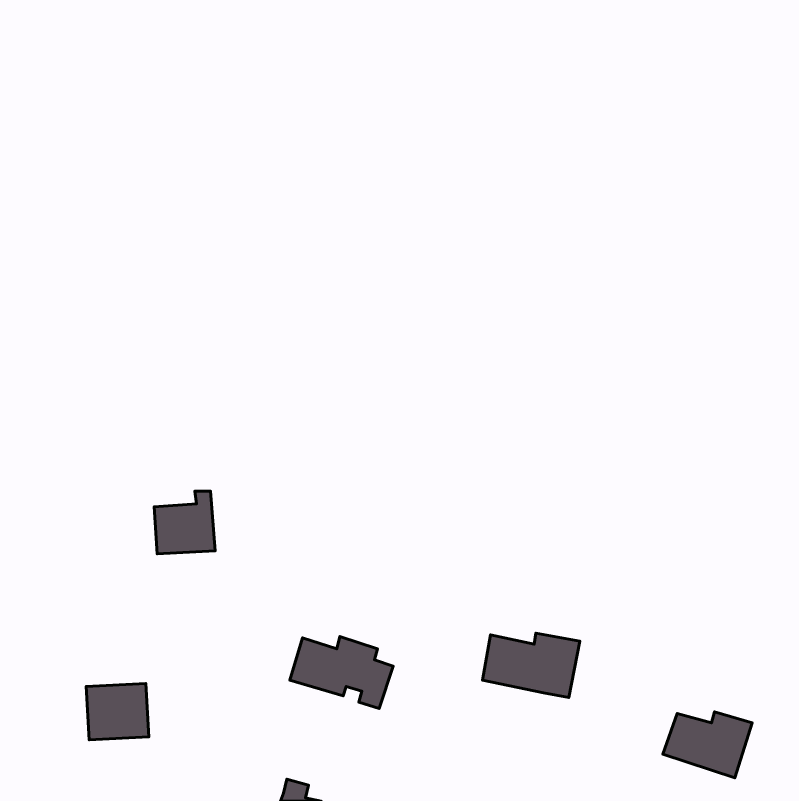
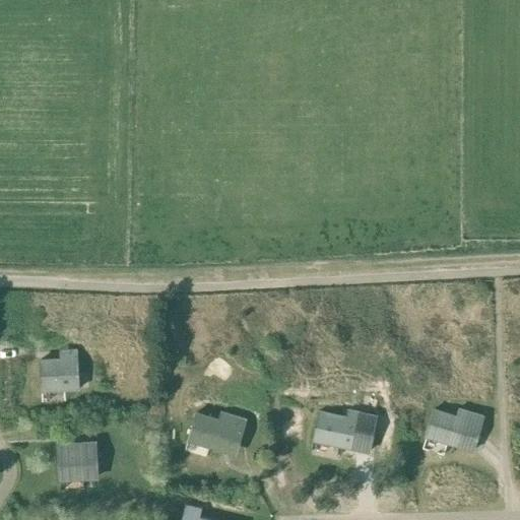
building: [154,491,215,554] -> [40,350,79,391]
building: [663,712,752,778] -> [426,409,483,452]

